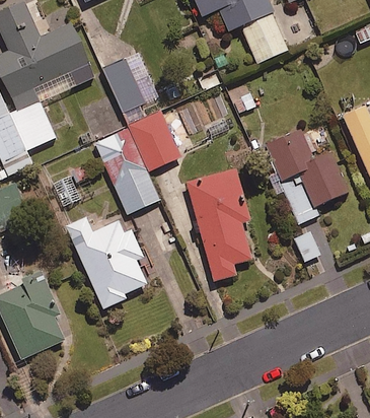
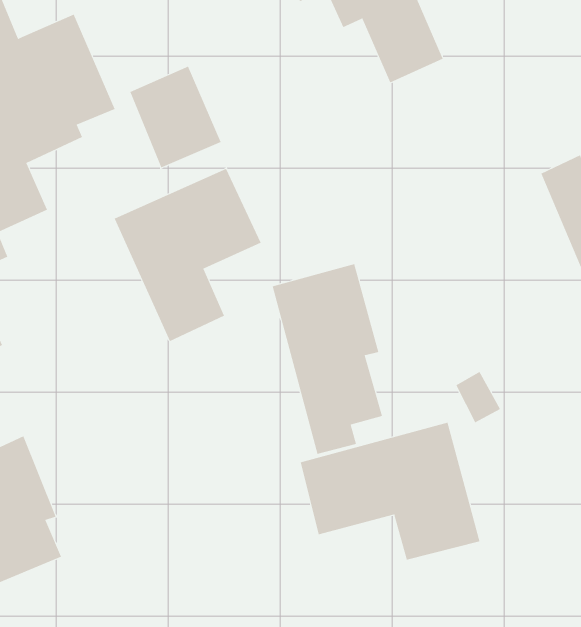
building: [267,131,347,224] -> none
building: [66,216,146,307] -> none
building: none -> [300,422,480,561]

